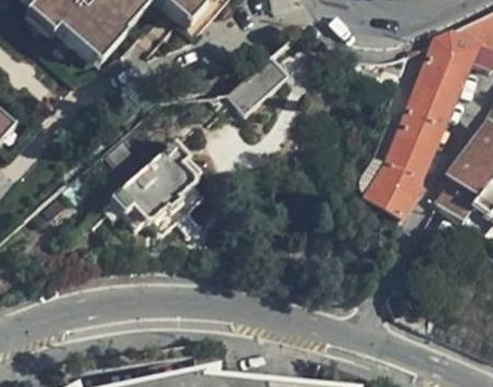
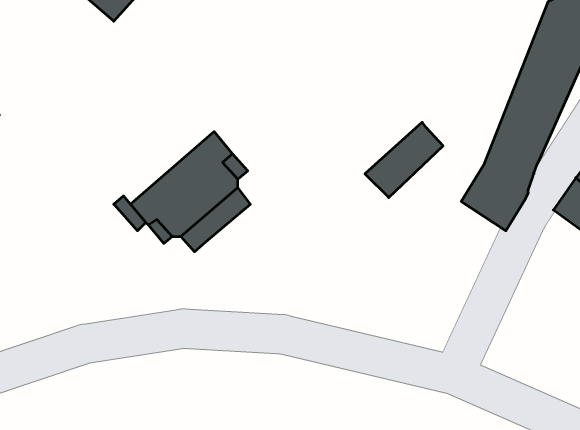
building: [229,53,289,112] -> [365,122,443,198]

